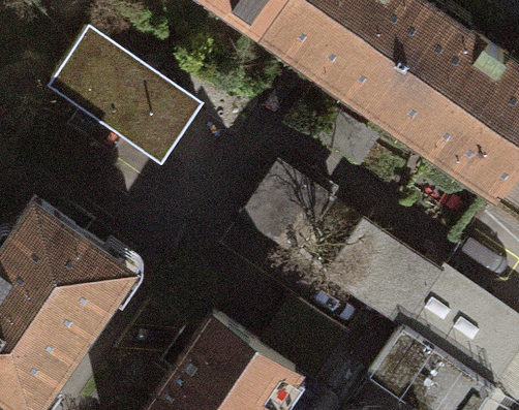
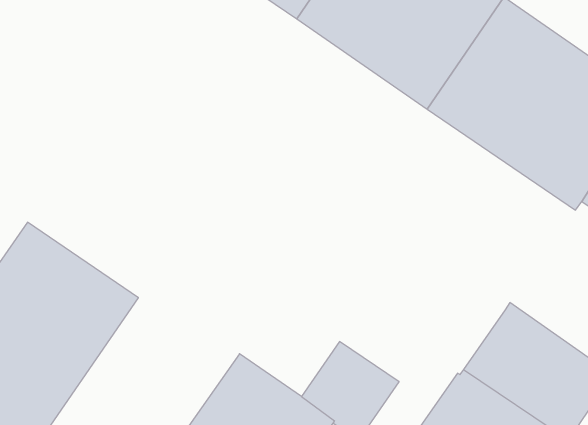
building: [51,33,197,161] -> none
building: [242,168,336,261] -> none
building: [328,226,441,334] -> none

